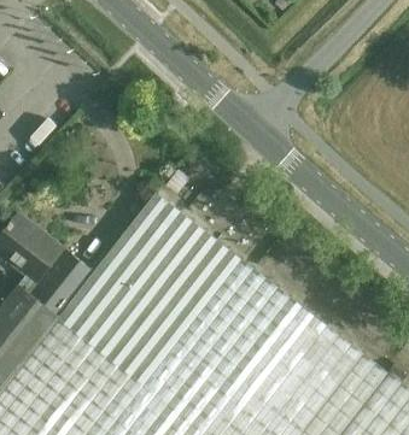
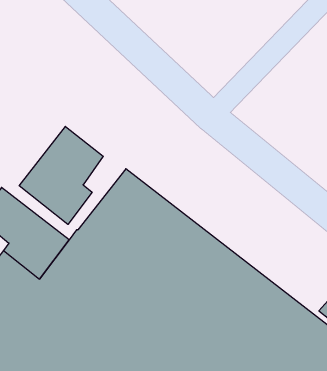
building: none -> [19,126,103,224]

